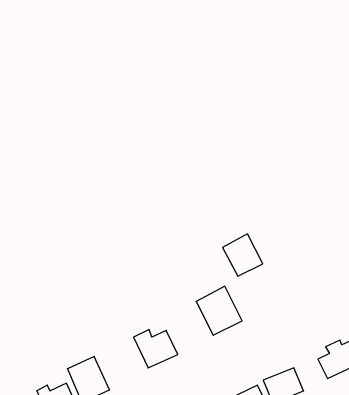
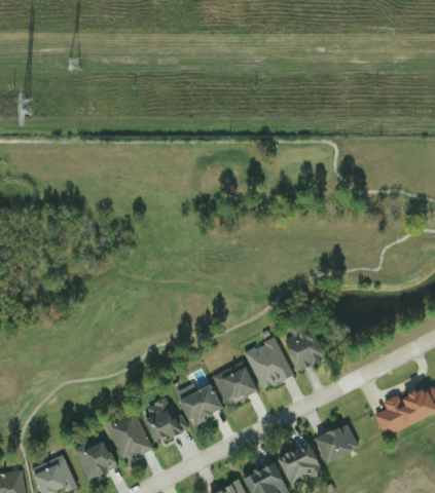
building: [223,234,263,276] -> [284,325,327,370]
building: none -> [212,361,258,407]
building: none -> [142,399,187,443]

